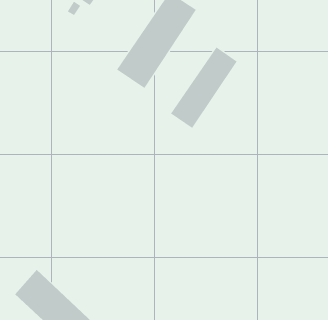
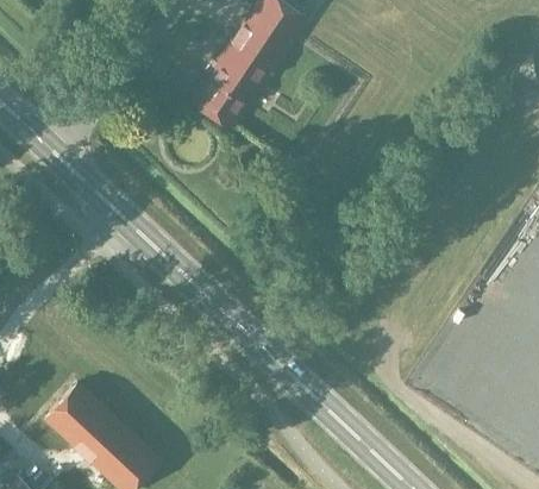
building: [170,47,238,129] -> none

